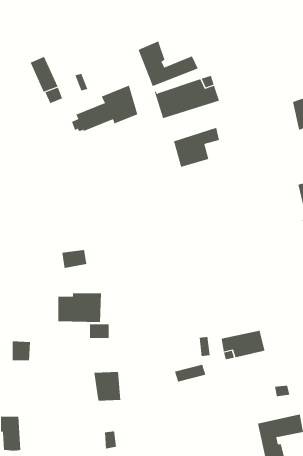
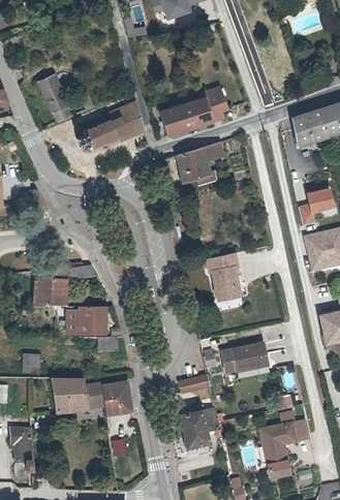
building: [138,40,198,87] -> none
building: none -> [209,253,247,305]
building: none -> [32,268,67,308]
building: none -> [55,377,104,410]
building: none -> [181,408,220,448]

